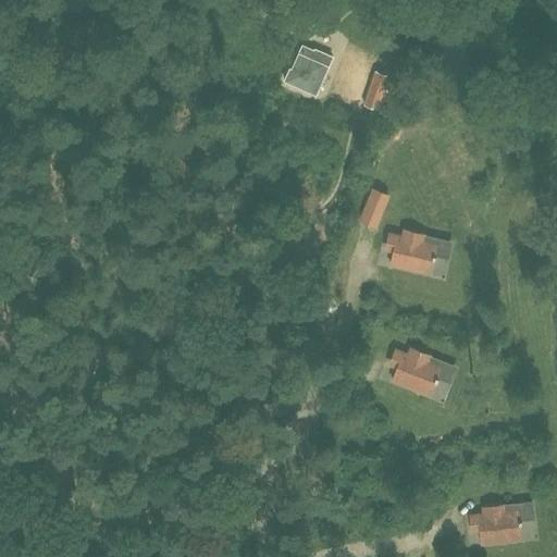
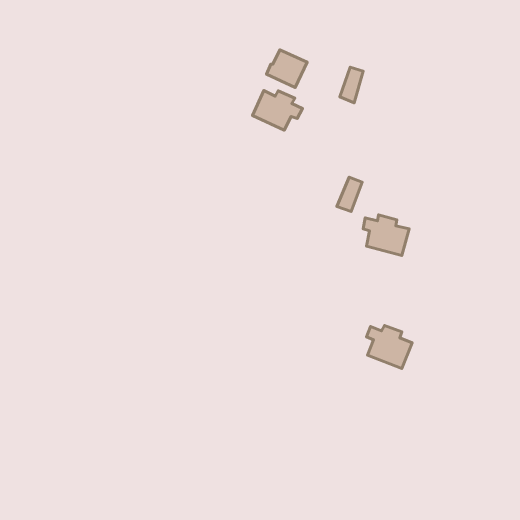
building: none -> [252,90,303,130]
building: [471,505,522,543] -> none

